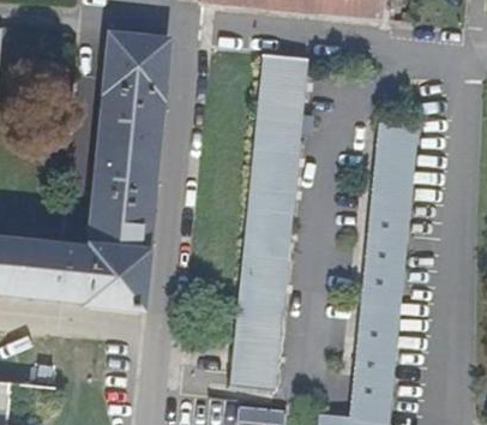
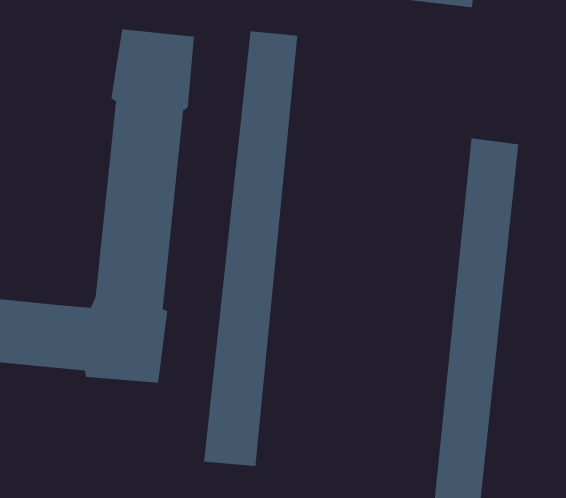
building: [233,53,306,389] -> [203,31,298,467]

